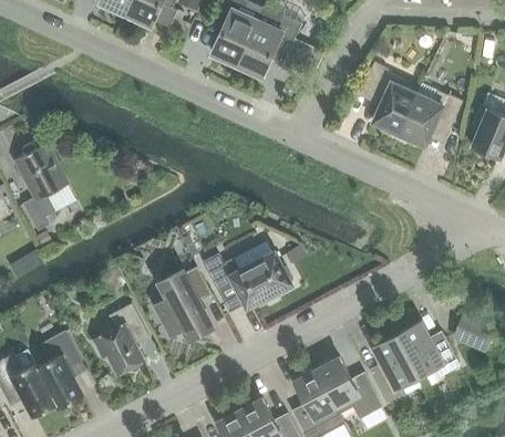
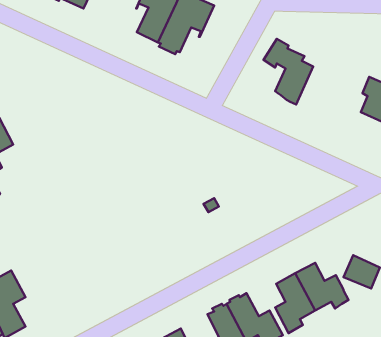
building: [396,91,462,146] -> none
building: [202,252,291,309] -> none
building: [156,267,212,339] -> none
building: [93,304,145,374] -> none

